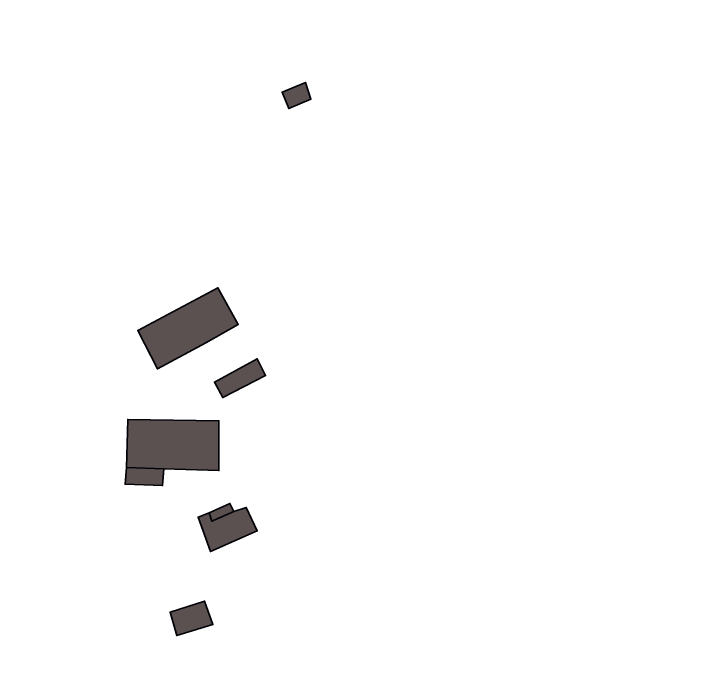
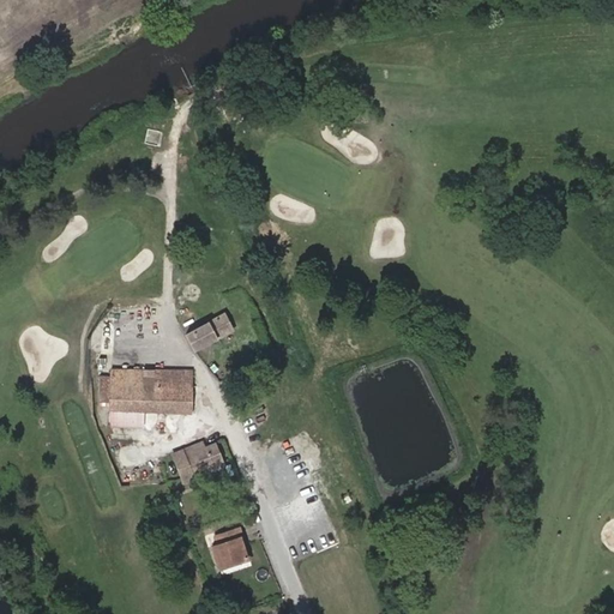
building: [138,288,238,369] -> none
building: [170,601,213,636] -> [210,540,247,570]

